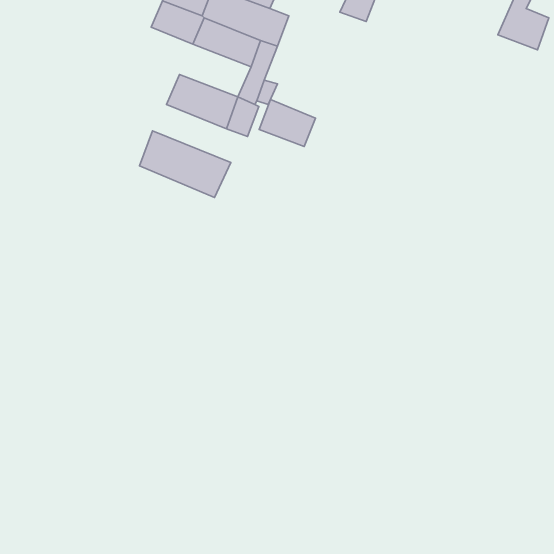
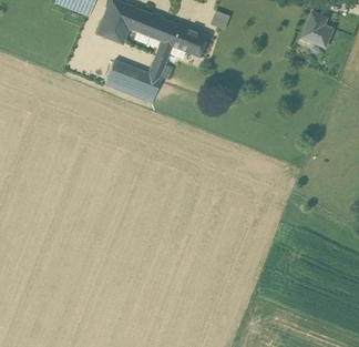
building: [259,99,316,146] -> [172,27,205,54]
building: [140,131,231,197] -> none

